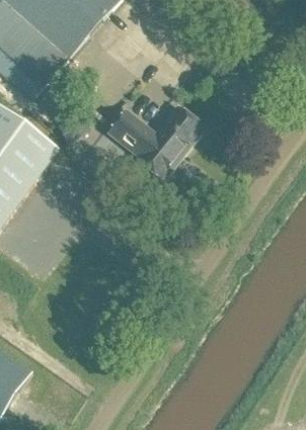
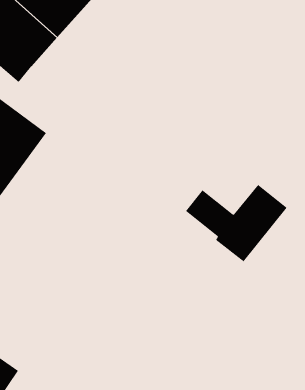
building: [106,106,204,180] -> [185,184,288,262]

